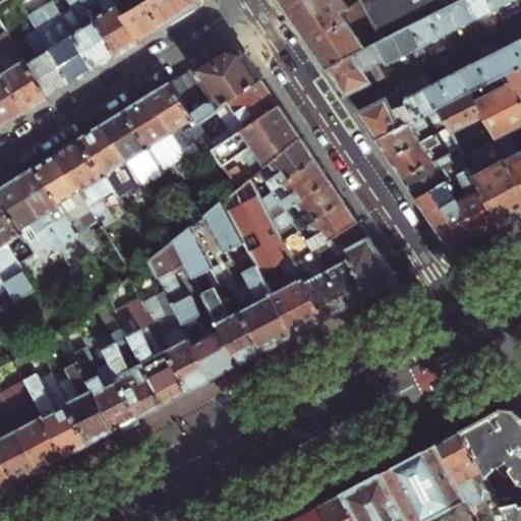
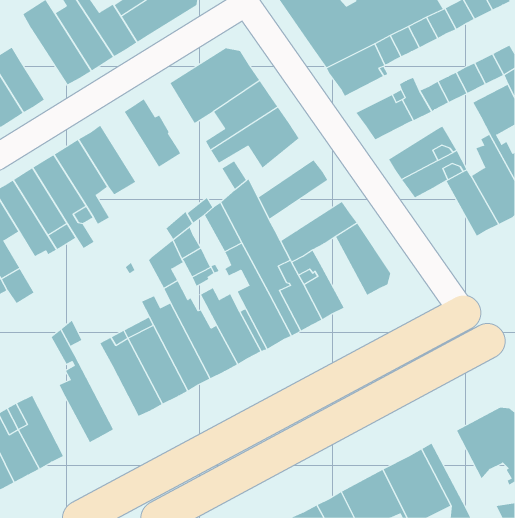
building: [19,28,67,100] -> none
building: [144,83,205,150] -> none
building: [436,94,481,134] -> none
building: [101,112,159,182] -> none
building: [375,122,440,160] -> none
building: [249,138,314,197] -> none
building: [270,180,343,241] -> none
building: [415,181,477,251] -> none
building: [313,237,367,308] -> none
building: [75,349,138,430] -> none
building: [25,375,90,457] -> none
building: [432,431,490,509] -> none

